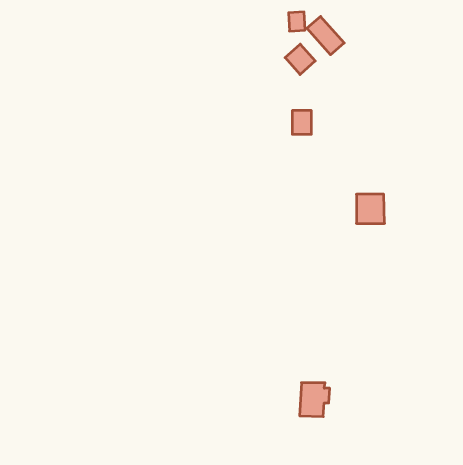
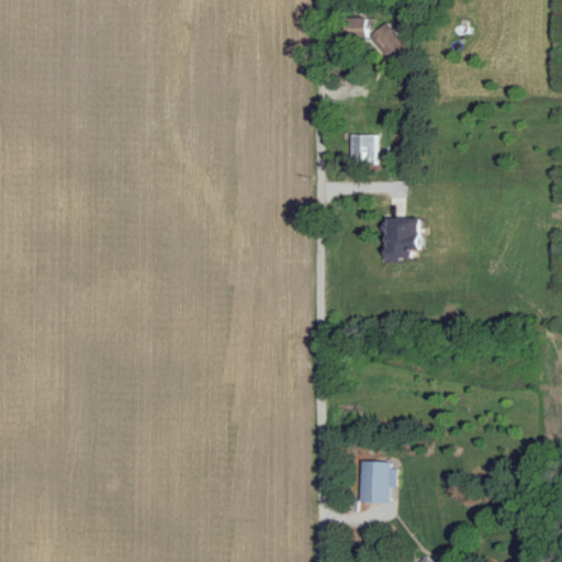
building: [285,44,315,75] -> none
building: [356,194,385,223] -> [382,221,416,256]

